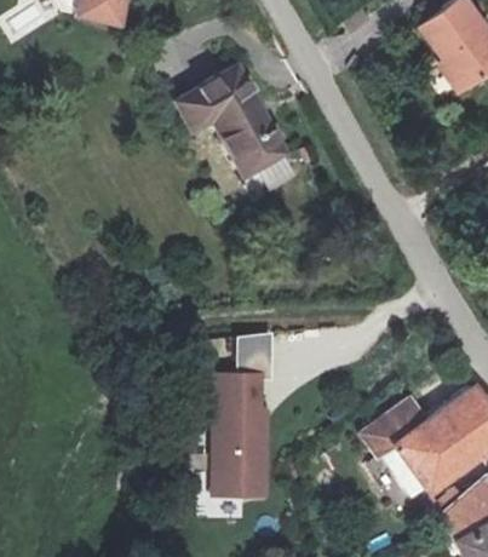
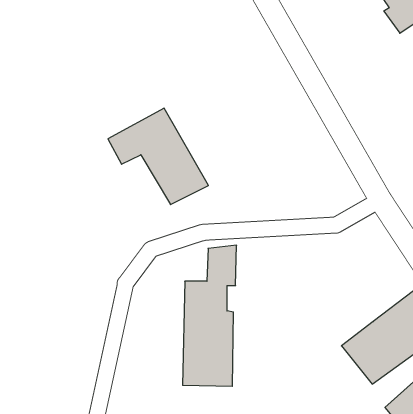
building: [174,69,289,179] -> [108,108,208,205]
building: [362,397,429,456] -> none

